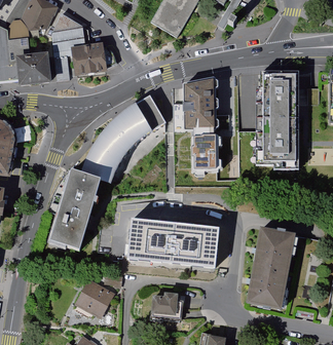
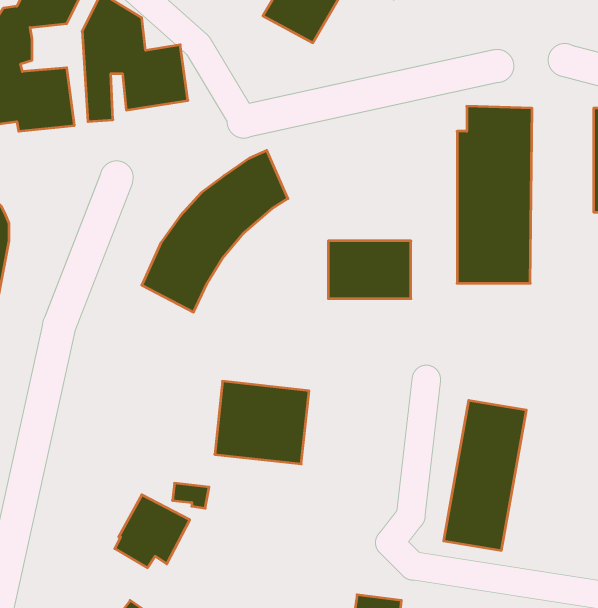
building: [184,79,215,130] -> none
building: [50,167,104,253] -> none
building: [172,223,219,267] -> none
building: [149,286,182,320] -> none

